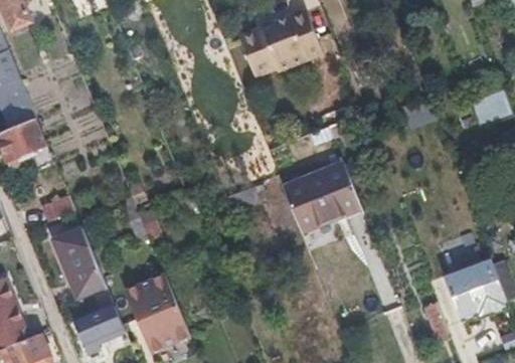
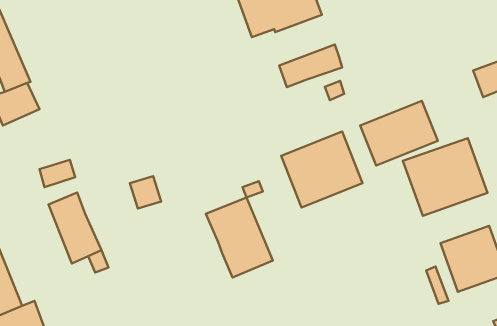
building: none -> [279,44,342,87]
building: none -> [360,101,438,165]
building: none -> [403,138,488,216]
building: [122,269,188,349] -> [206,197,273,278]
building: [75,303,122,344] -> none

